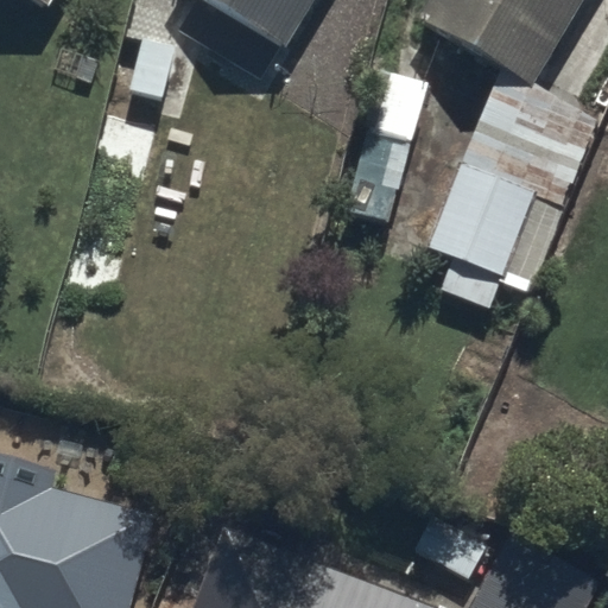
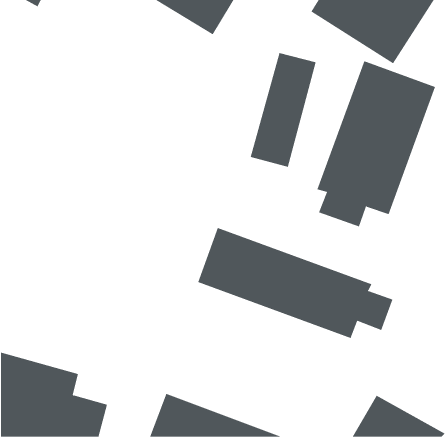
building: none -> [197,227,393,339]

